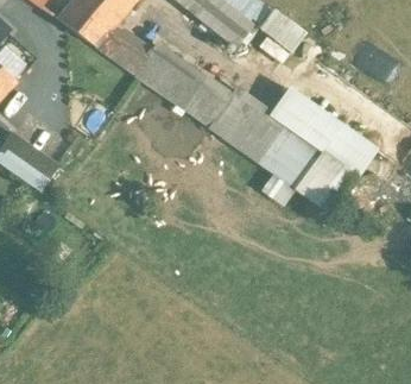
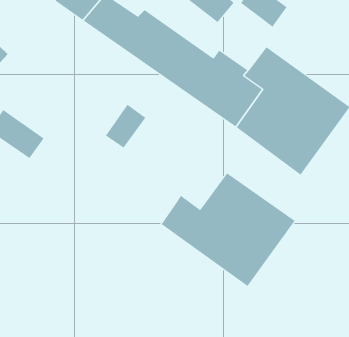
building: none -> [105,104,146,148]
building: none -> [161,173,295,287]

